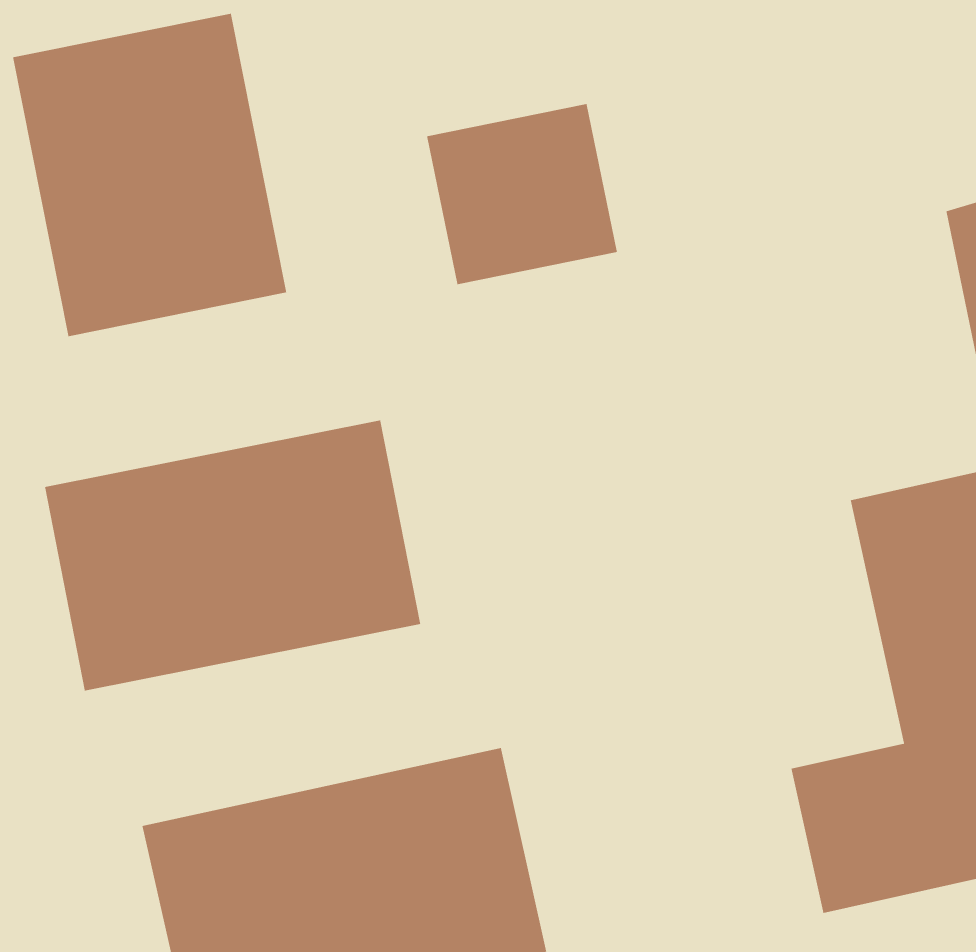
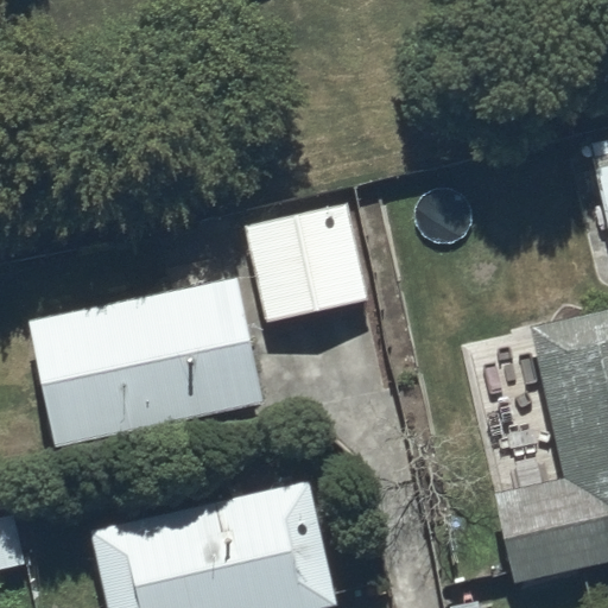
building: [12,13,287,337] -> none
building: [426,103,618,285] -> [248,211,367,324]

